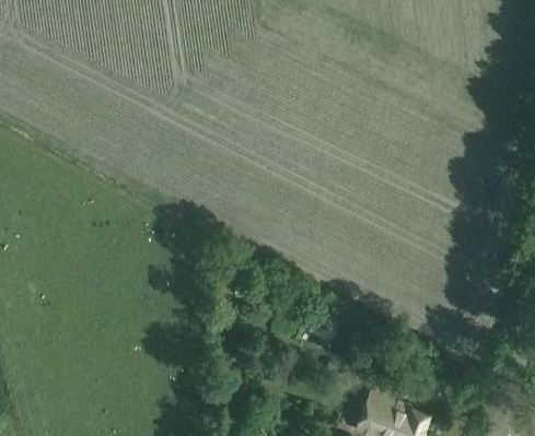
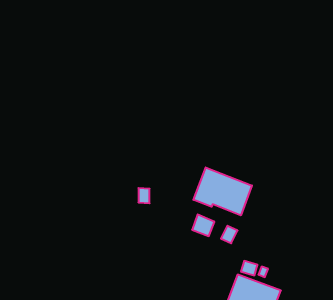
building: none -> [193,167,252,215]

